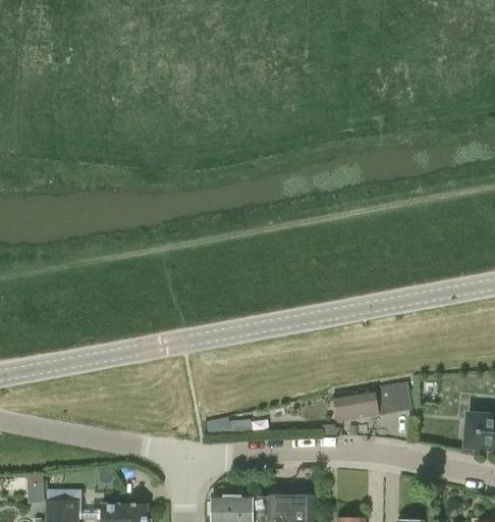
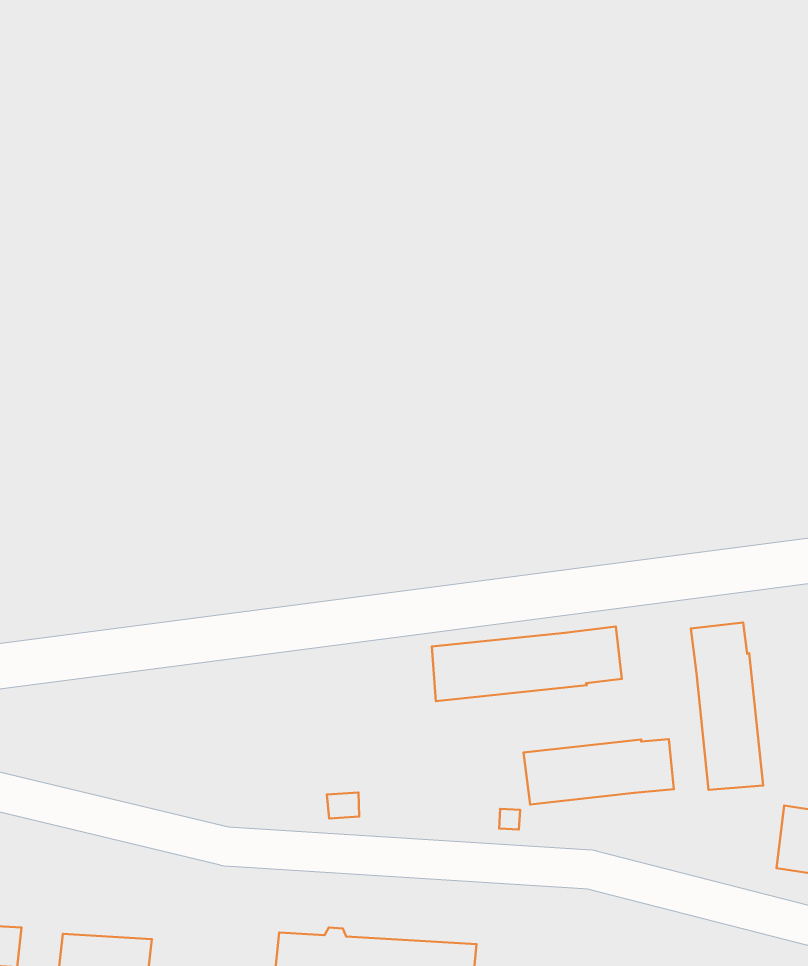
building: none -> [691,623,763,790]
building: none -> [432,627,622,701]

